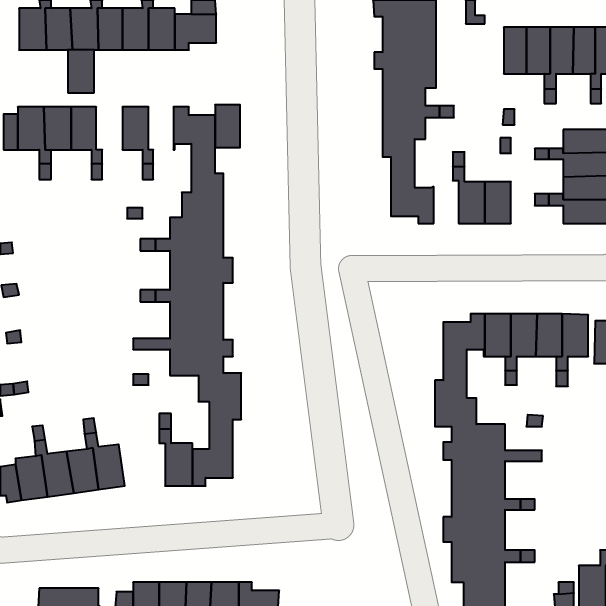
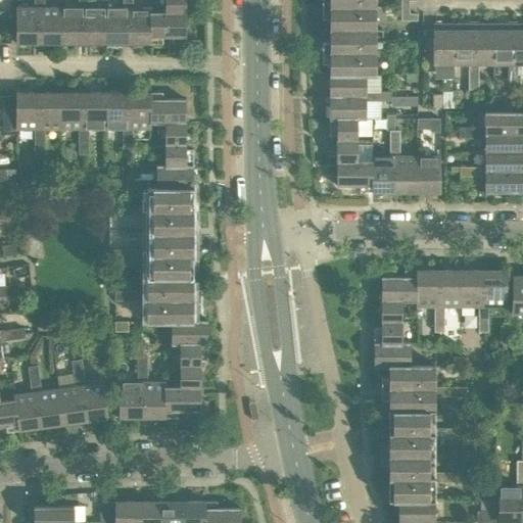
building: [68,50,94,93] -> [84,93,106,130]
building: [215,105,240,148] -> [129,93,150,130]
building: none -> [372,156,395,193]
building: none -> [120,382,143,419]

